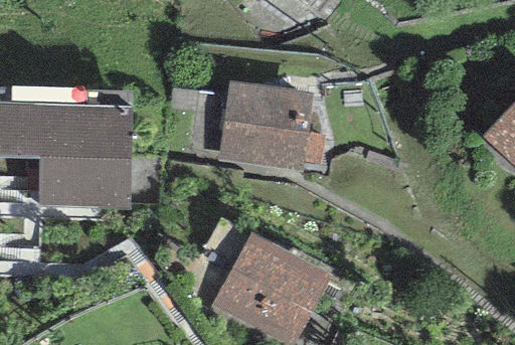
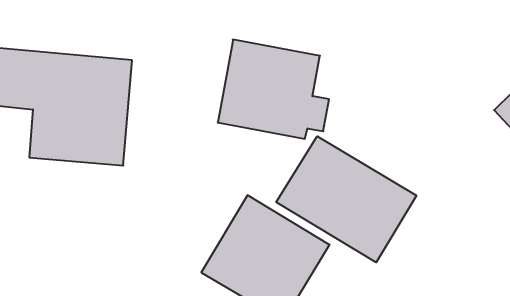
building: none -> [276,136,416,262]

